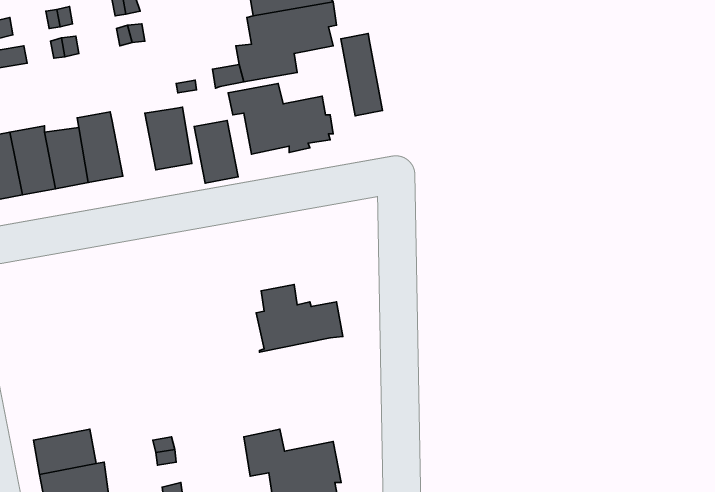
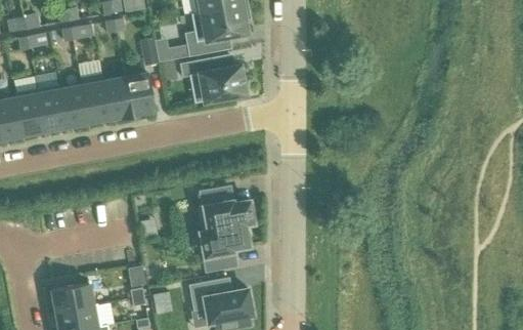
building: [341,33,383,116] -> none
building: [194,120,238,183] -> [103,77,132,118]
building: none -> [200,223,250,271]

